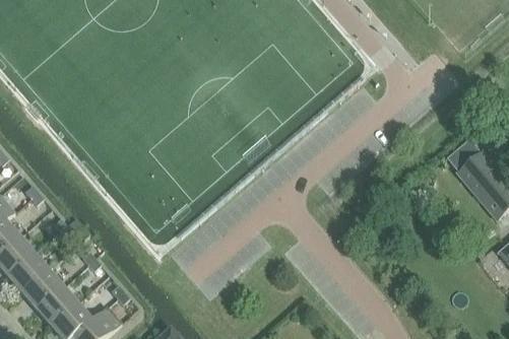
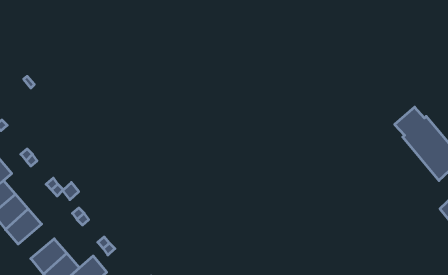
building: [23,270,64,309] -> none

